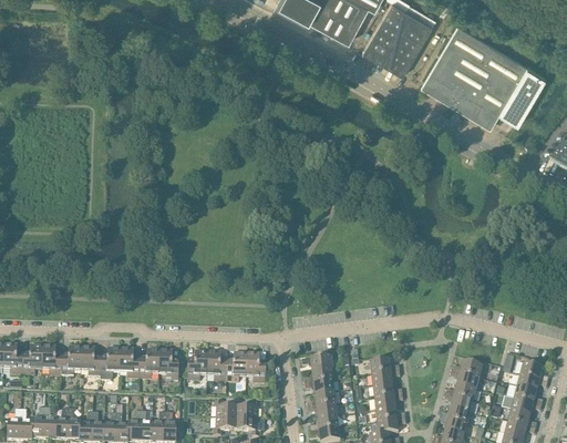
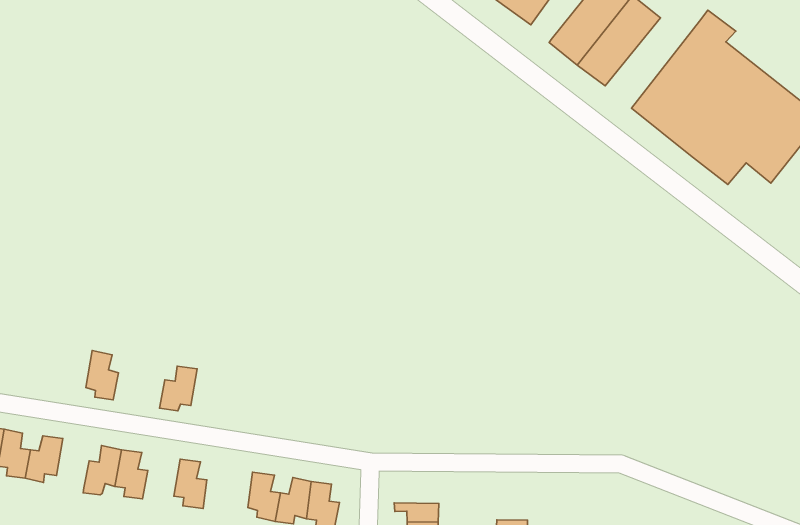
building: [80,347,100,377] -> [86,351,118,400]
building: [137,350,158,379] -> [159,366,197,411]
building: [185,351,206,381] -> none

